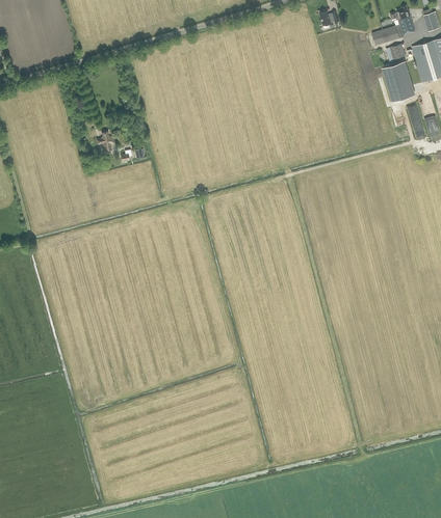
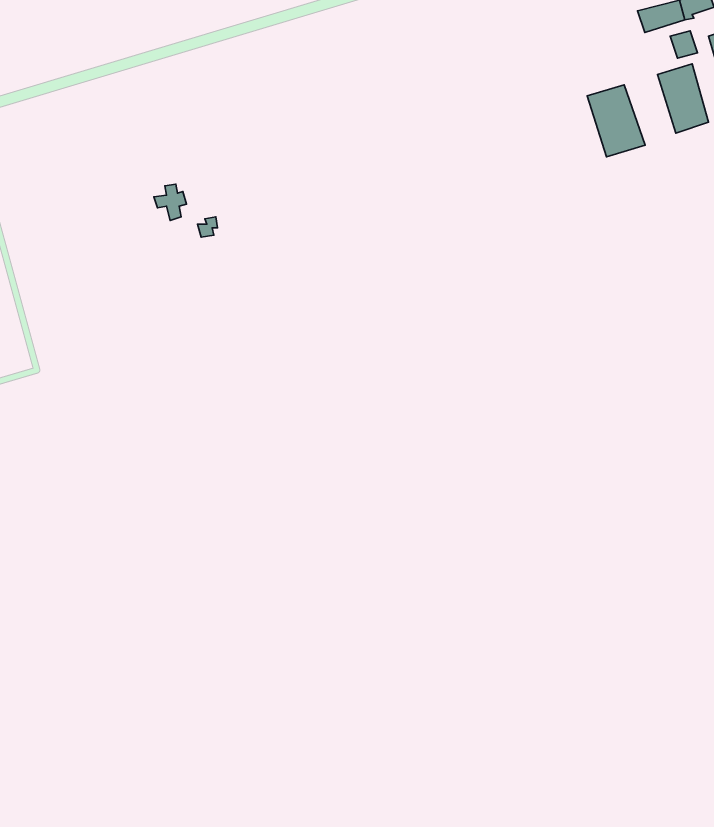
building: none -> [587,85,645,157]

